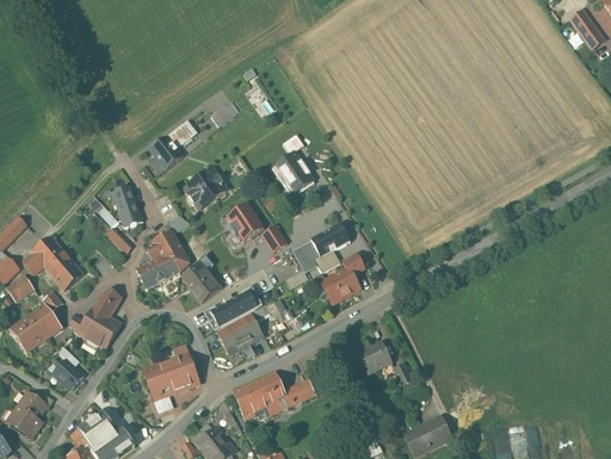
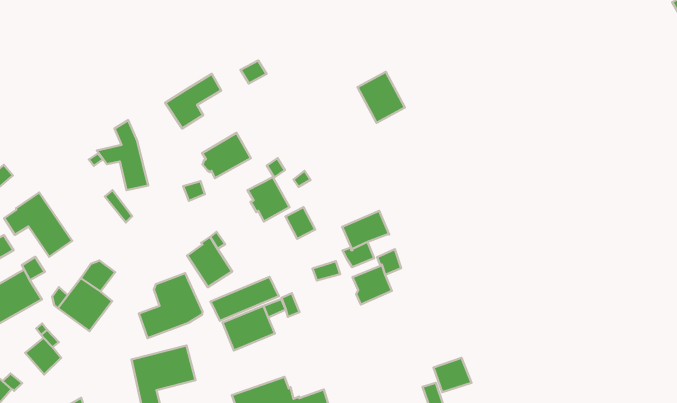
building: [272,151,314,196] -> [358,72,405,123]
building: [136,230,190,289] -> [139,273,202,338]
building: [358,342,391,373] -> [434,358,471,392]

